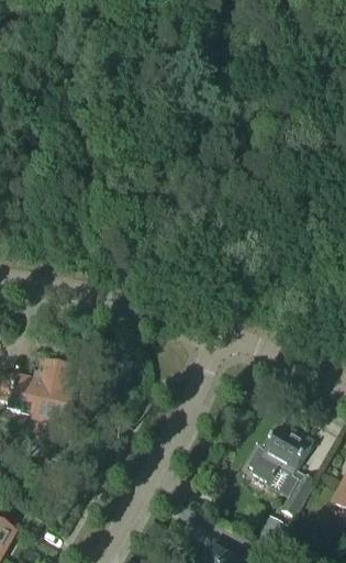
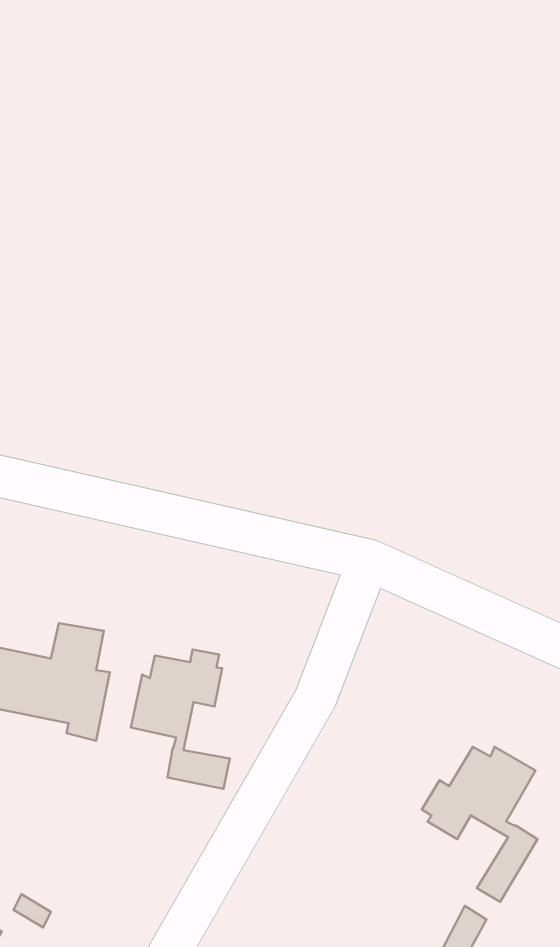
building: none -> [131,650,230,789]

